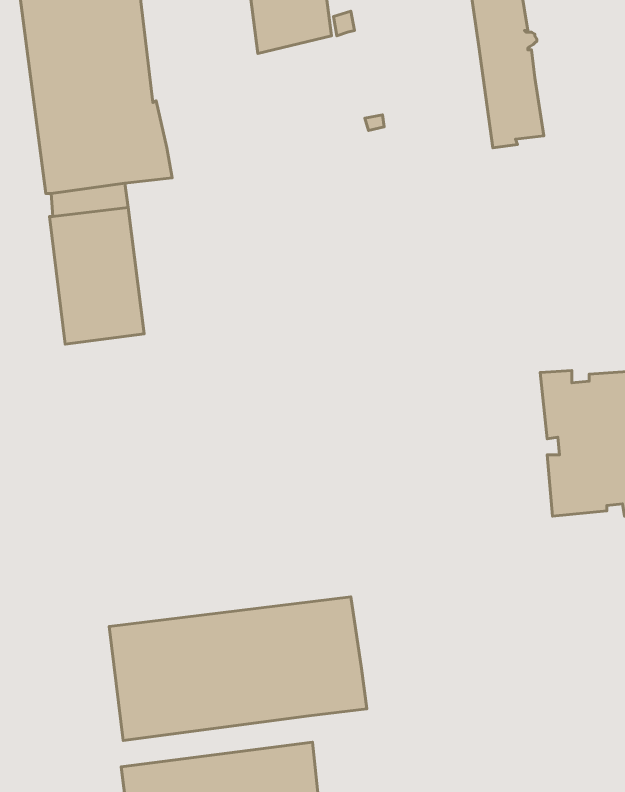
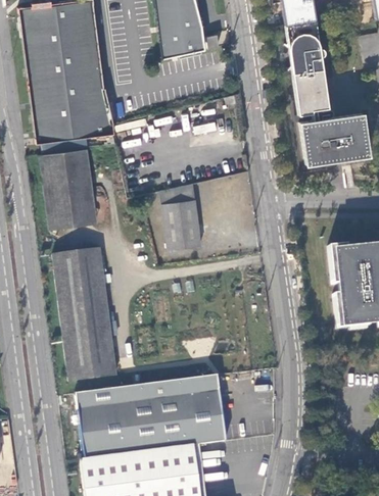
building: none -> [300,113,369,163]
building: none -> [161,184,201,249]
building: none -> [53,249,115,381]
building: none -> [81,445,194,475]

